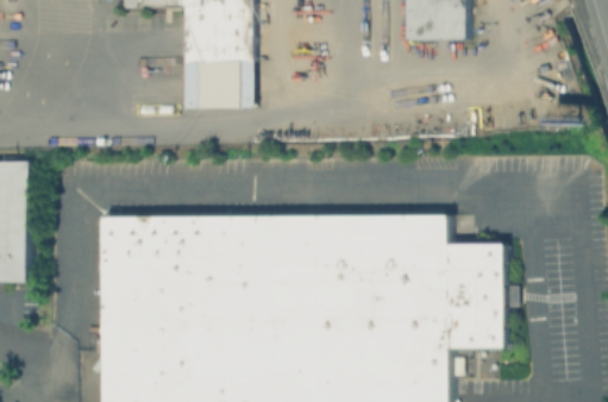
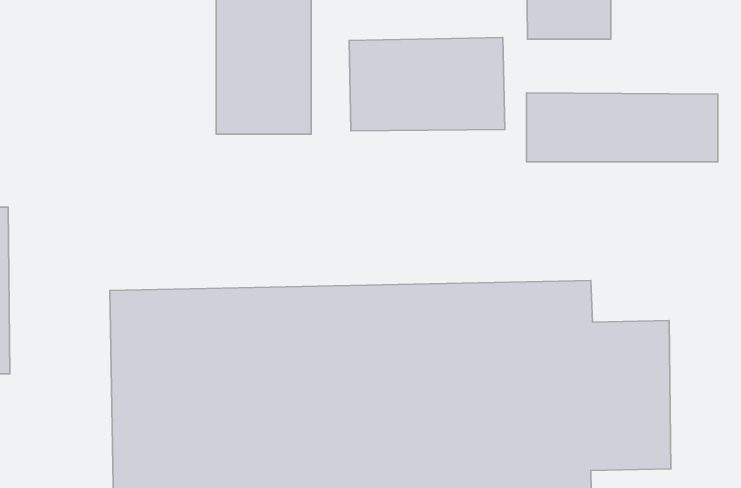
building: none -> [349,37,505,131]
building: none -> [527,93,718,162]

